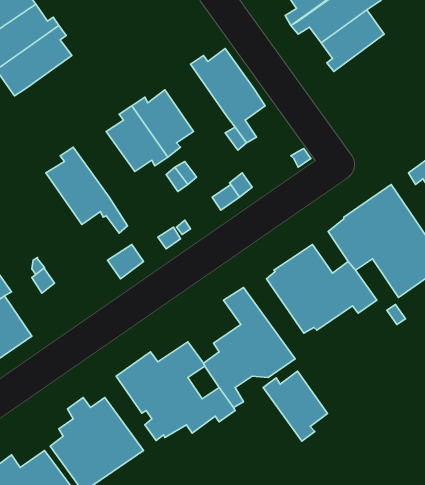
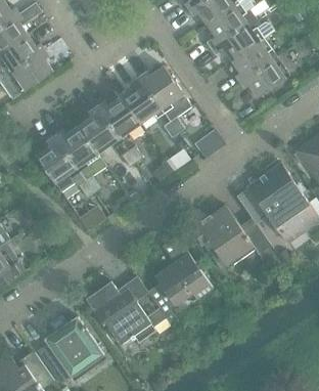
building: none -> [240,55,289,98]
building: none -> [120,77,164,125]
building: none -> [54,125,106,192]
building: [263,371,327,441] -> none

